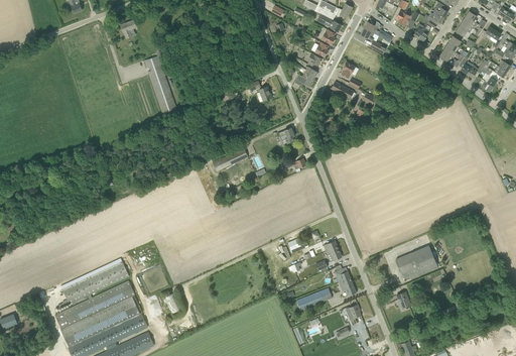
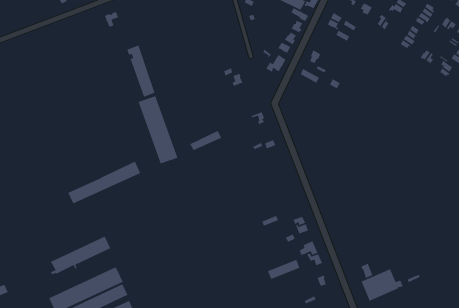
building: none -> [138,95,178,165]
building: [396,245,442,281] -> [361,268,404,302]
building: [55,280,135,328] -> [67,161,141,205]

